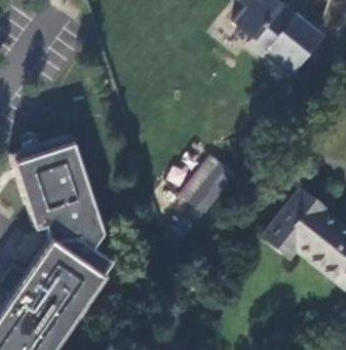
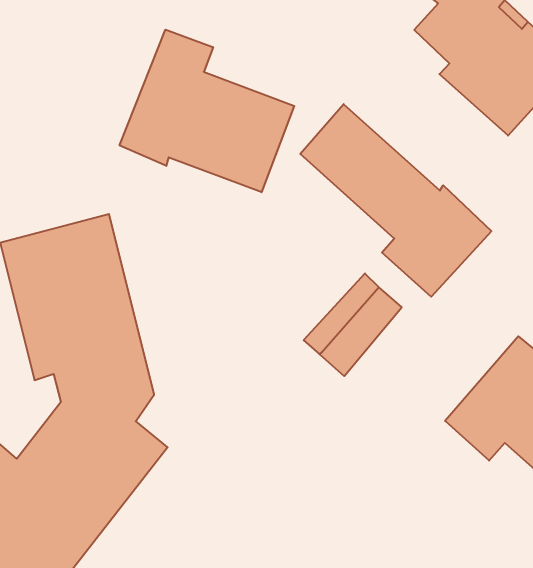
building: none -> [120,30,294,192]
building: none -> [300,104,491,297]

